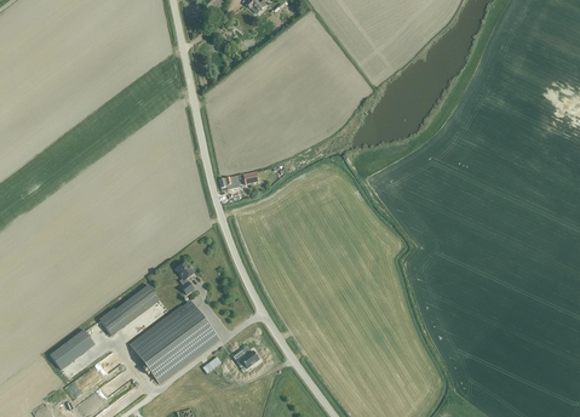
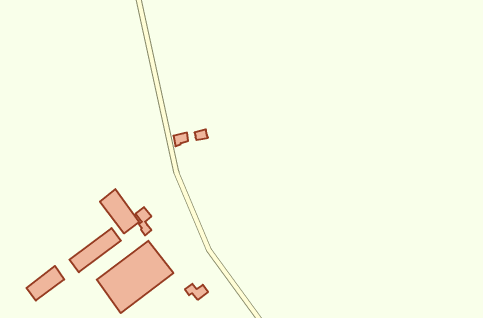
building: none -> [100,189,139,233]

